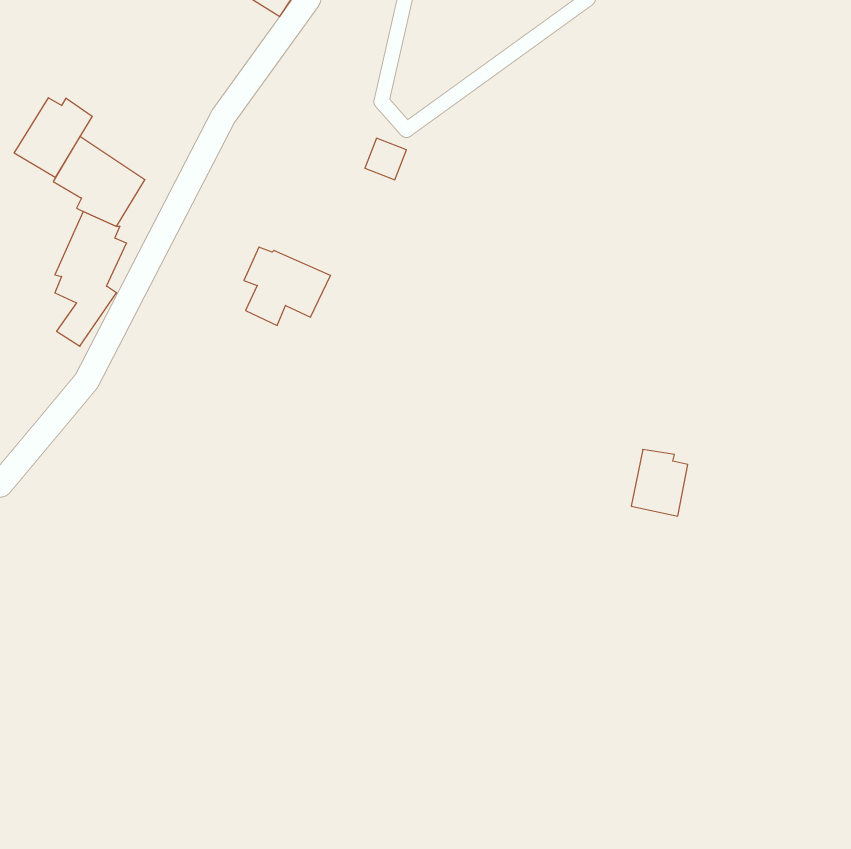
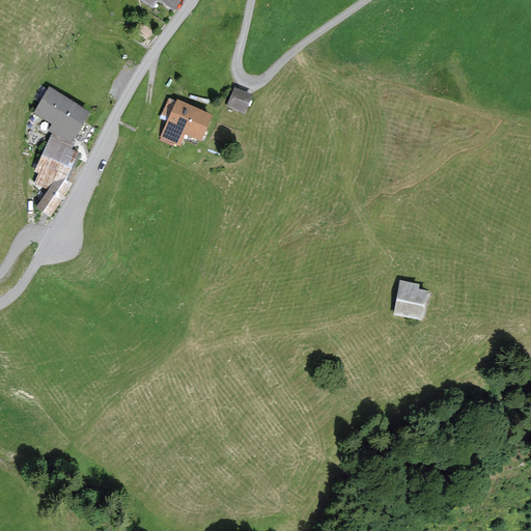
building: [14,98,92,177] -> none
building: [244,247,331,325] -> [159,96,213,145]

